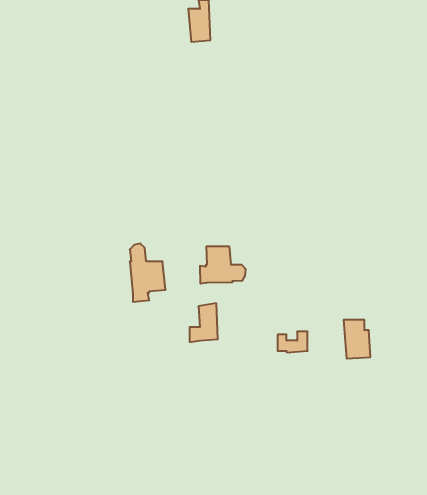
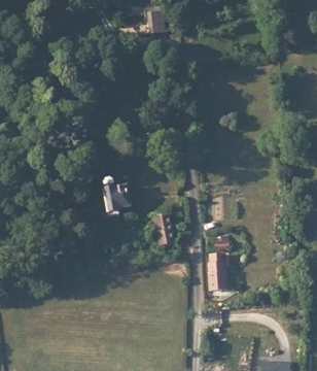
building: [200,246,245,284] -> none
building: [344,320,370,359] -> [209,262,227,289]

